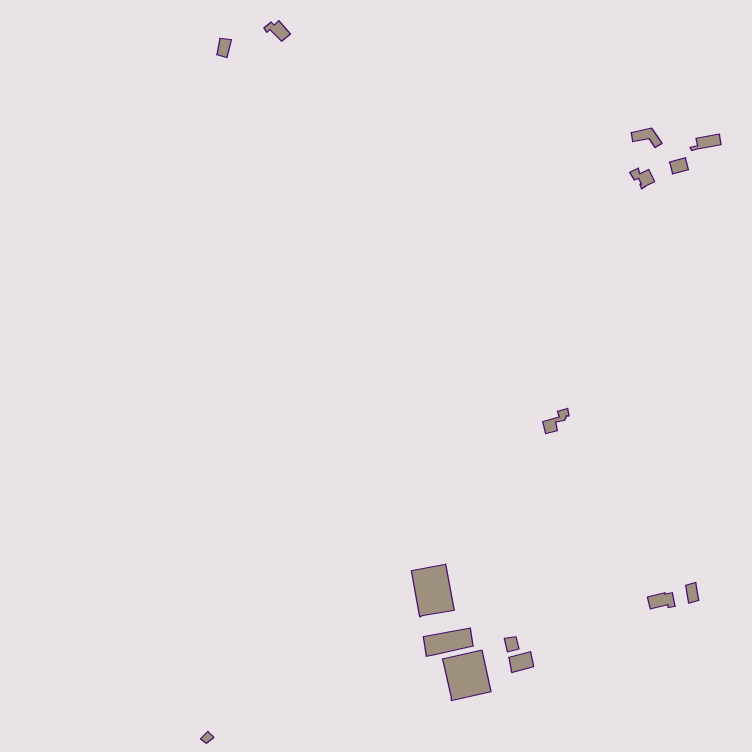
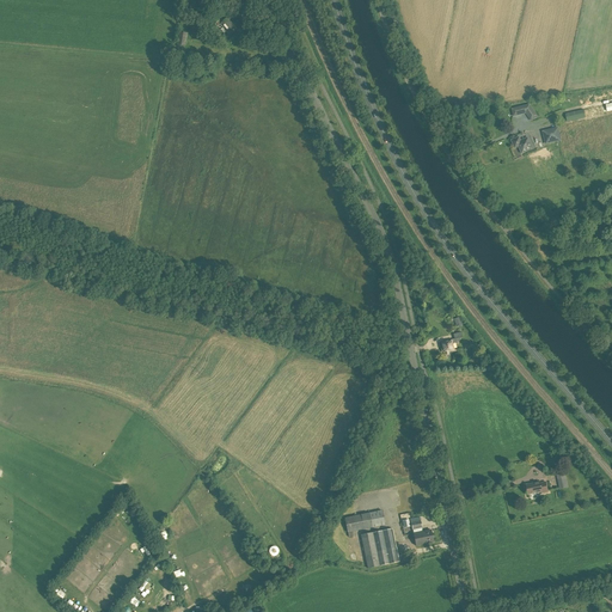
building: [412,564,454,617] -> none

